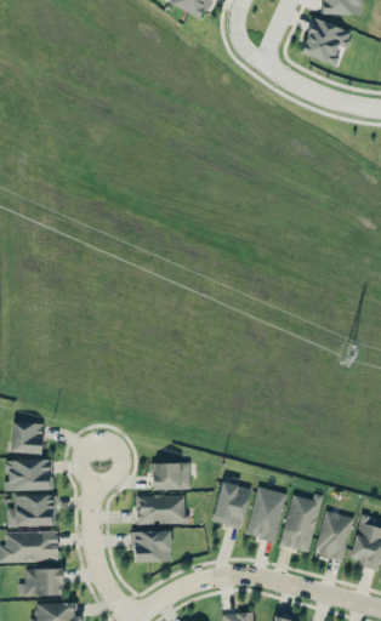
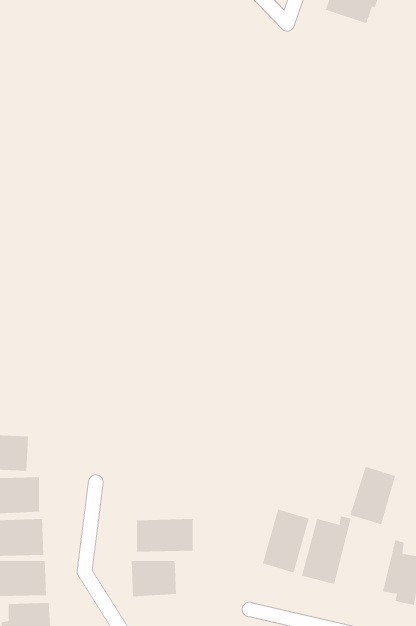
building: [152,462,190,490] -> none
building: [211,478,251,529] -> none
building: [313,509,353,560] -> [350,466,396,525]

